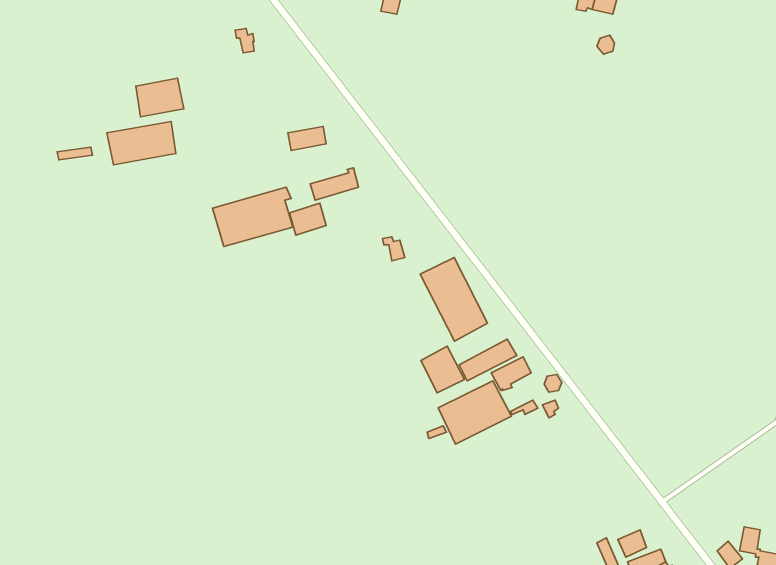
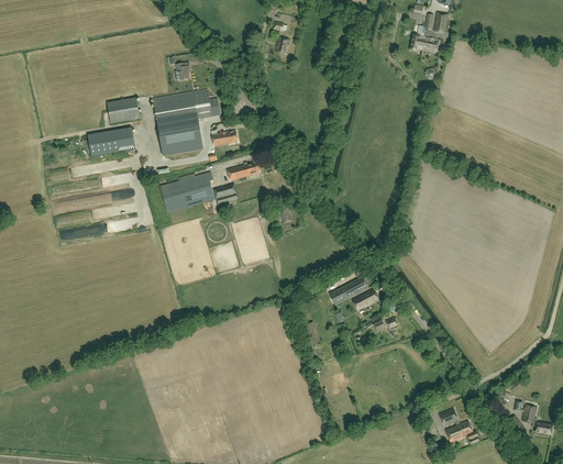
building: none -> [152,89,220,155]
building: [420,258,488,341] -> none
building: [421,346,464,393] -> none
building: [438,381,511,444] -> none

